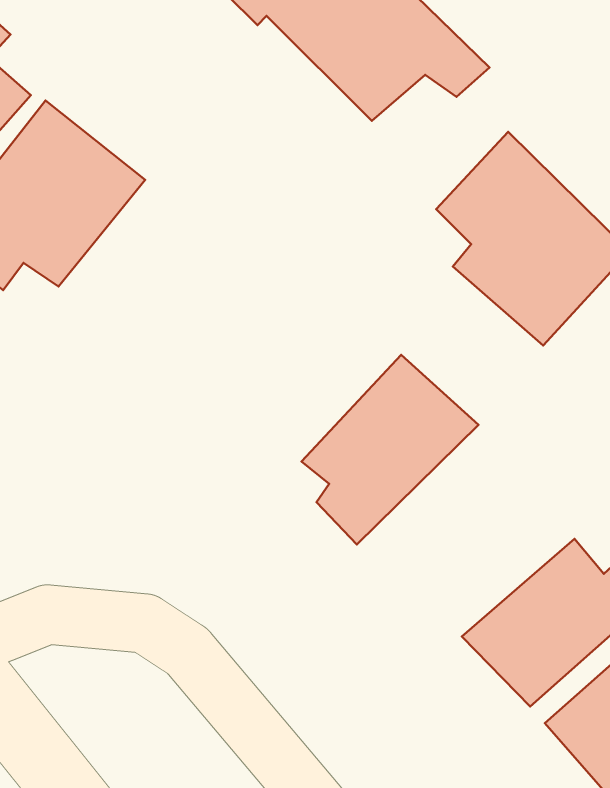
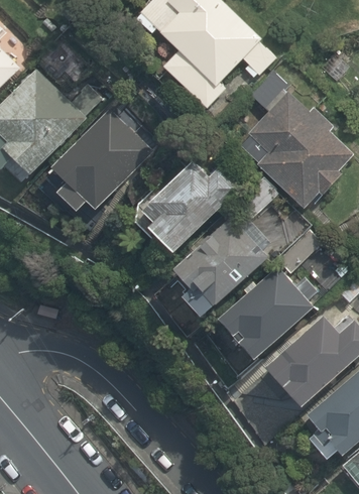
building: none -> [51,107,154,209]
building: none -> [142,158,243,254]
building: none -> [217,268,311,358]

